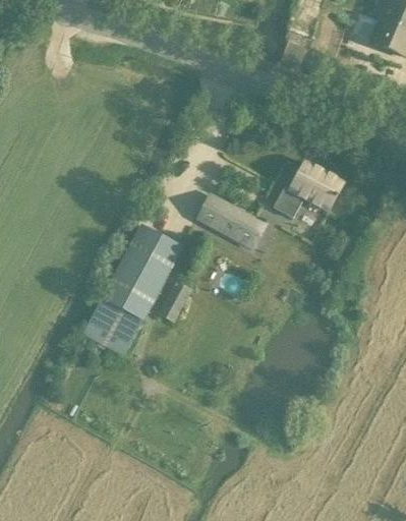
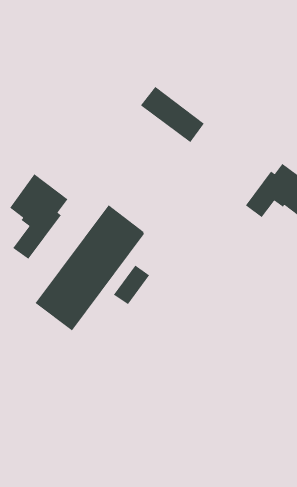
building: [197,195,264,246] -> [140,86,205,143]
building: none -> [9,173,68,260]

